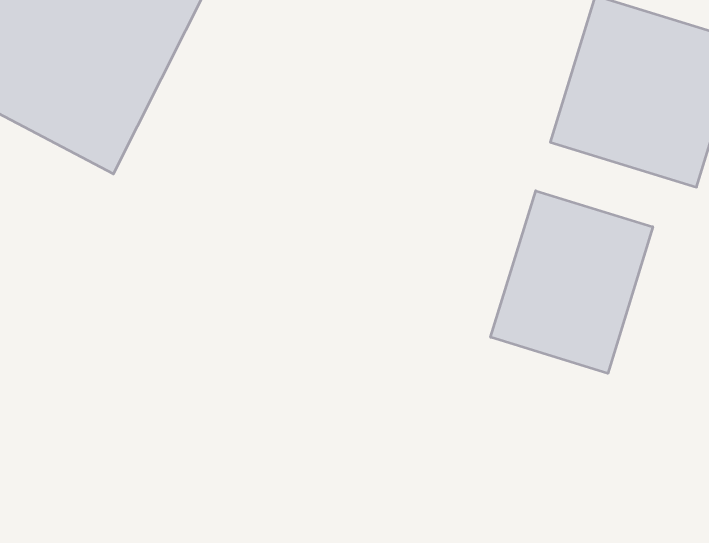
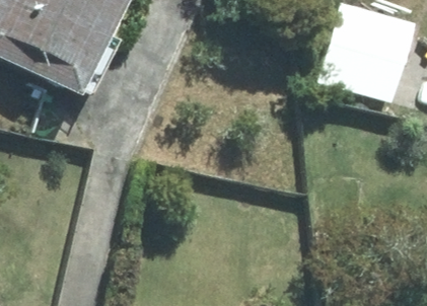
building: [491,191,653,373] -> none

